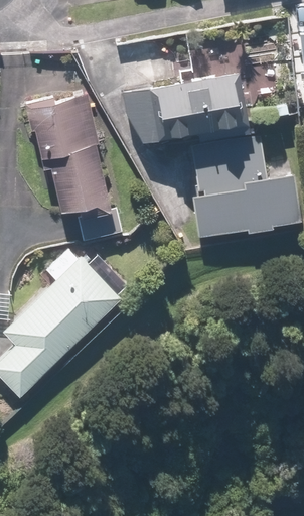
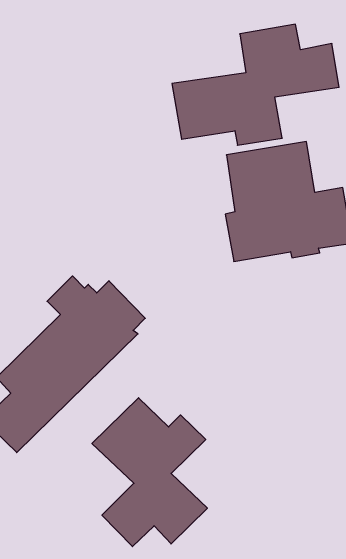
building: [34,95,109,215] -> none
building: none -> [92,398,207,547]

